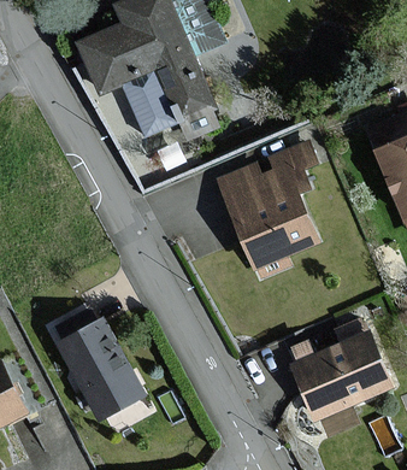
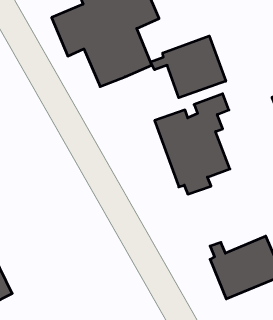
building: none -> [151,36,226,98]
building: [59,310,144,417] -> none

